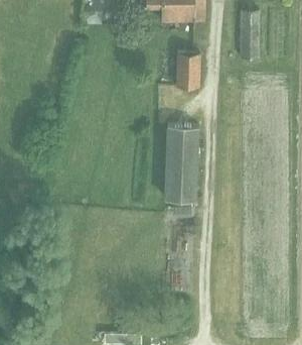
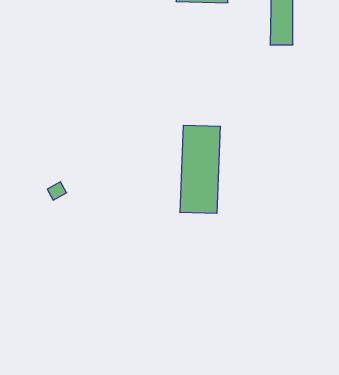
building: [176,51,199,87] -> none

